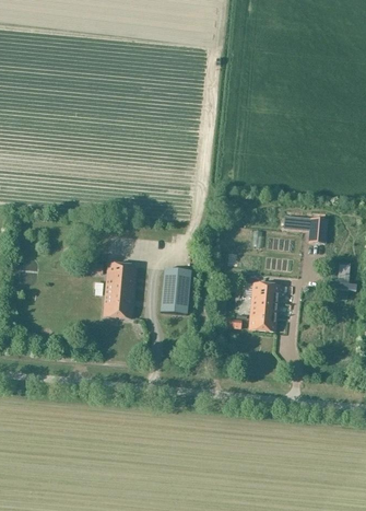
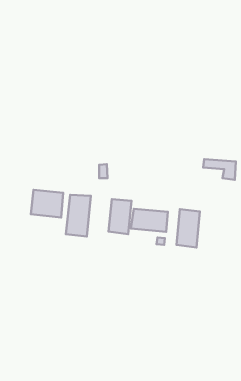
building: none -> [31,190,63,217]
building: none -> [131,209,168,232]

